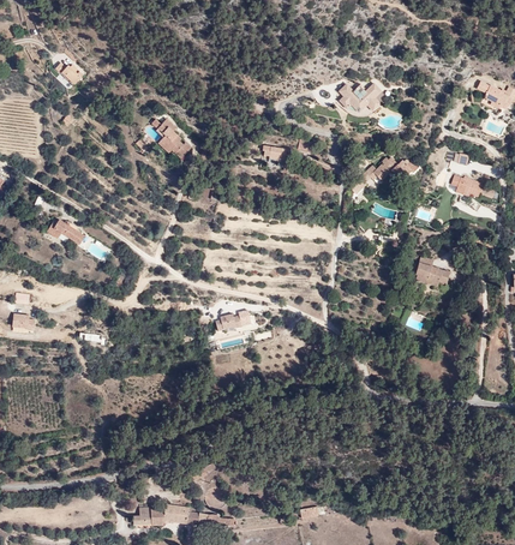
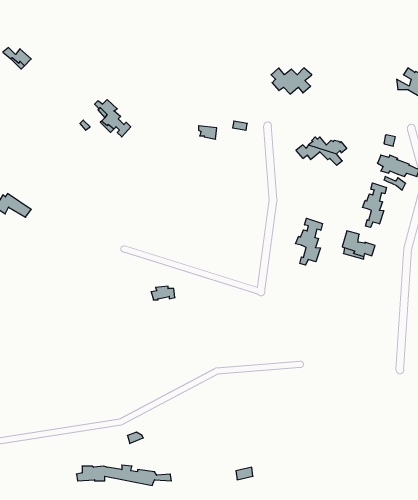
building: none -> [363,183,386,227]
building: none -> [296,218,323,265]

